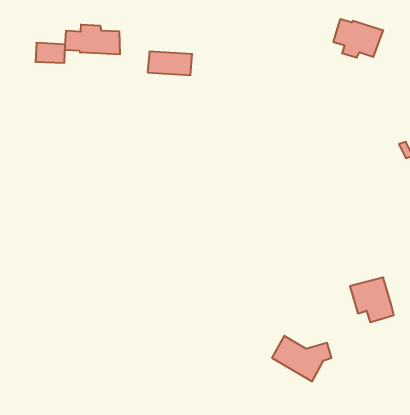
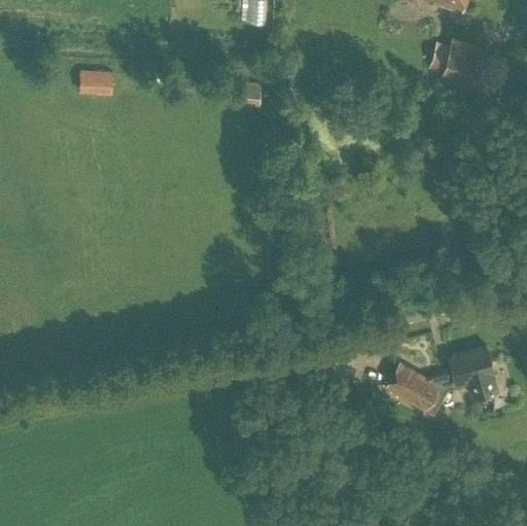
building: [65,24,120,54] -> none
building: [272,336,332,381] -> [387,362,457,416]

